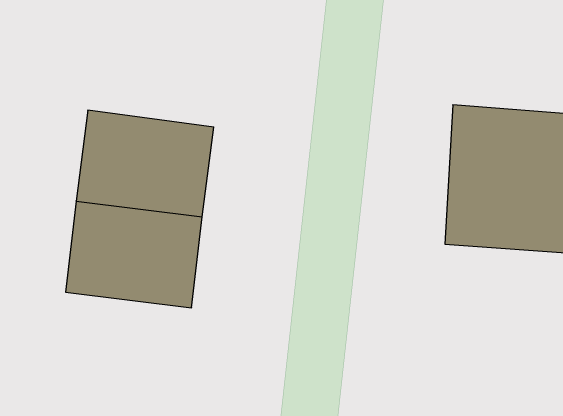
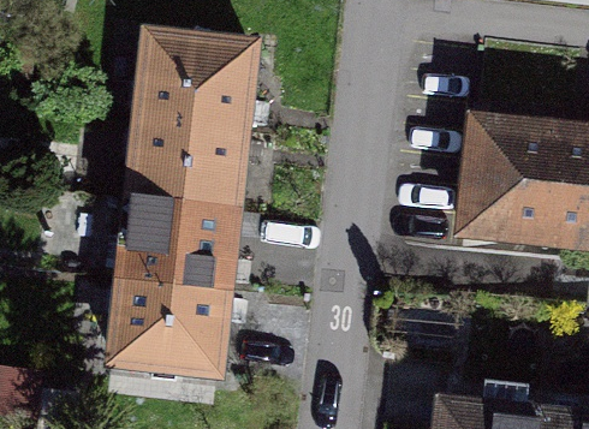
building: none -> [135,30,262,130]
building: none -> [103,282,231,380]

